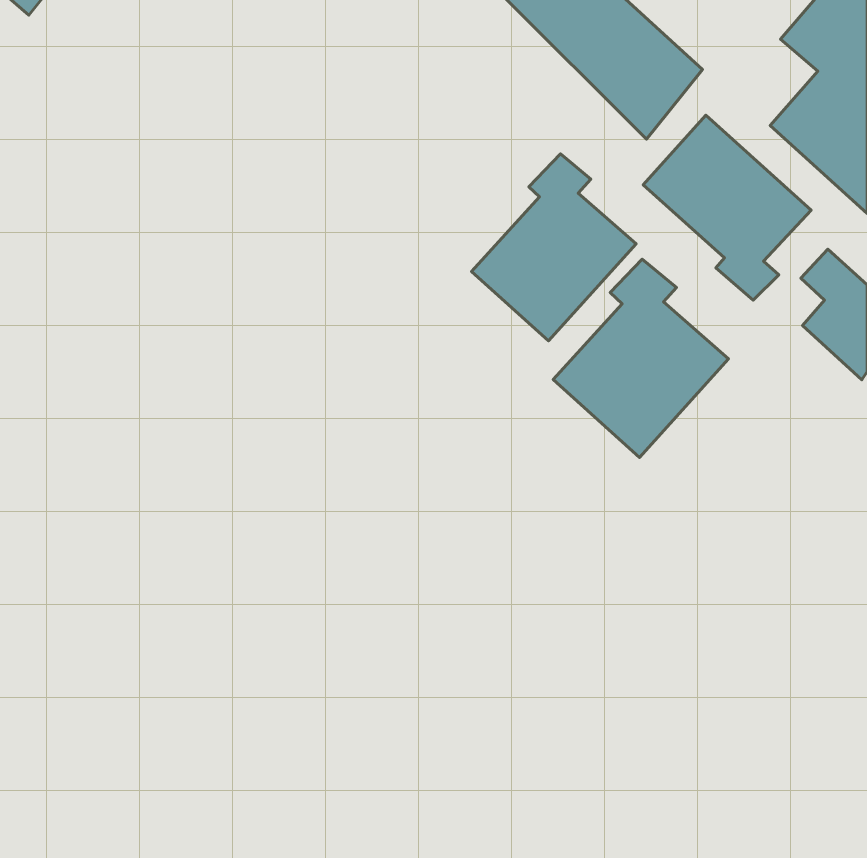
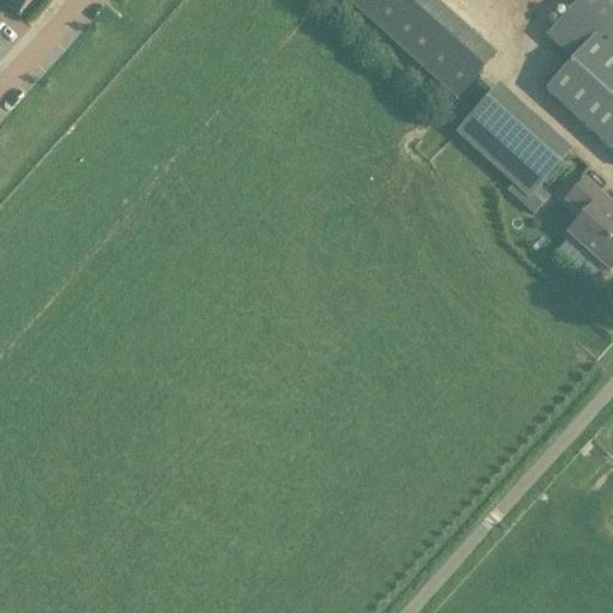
building: [472,154,636,341] -> none
building: [553,259,729,457] -> none

